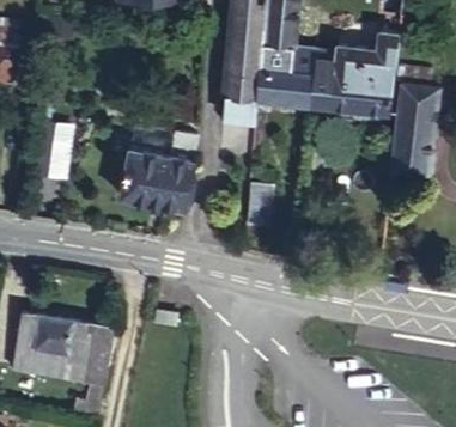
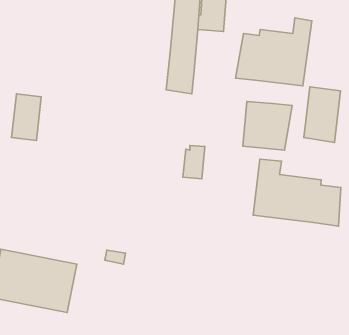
building: [257,45,317,104] -> [243,102,292,150]
building: [397,85,438,120] -> none
building: [120,133,196,209] -> none
building: none -> [253,159,341,226]

